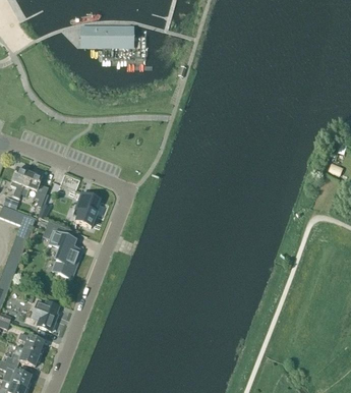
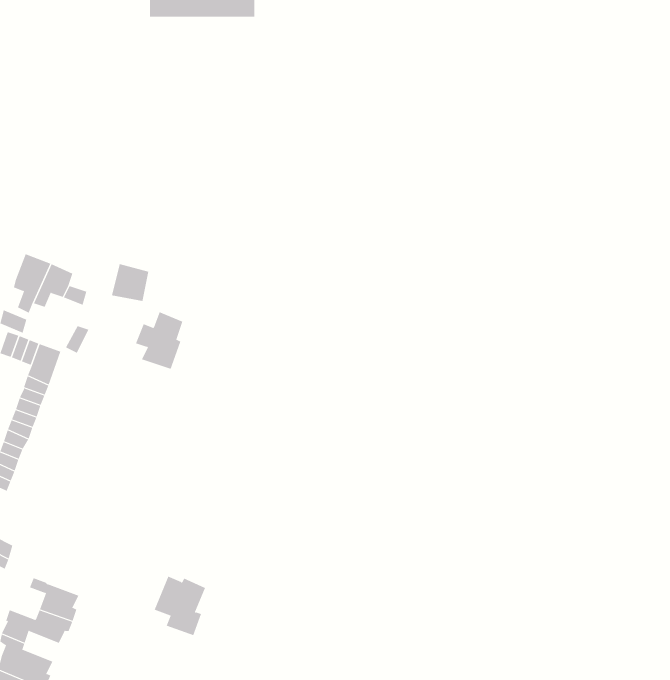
building: [42,221,79,277] -> none
building: [31,299,57,330] -> [154,576,206,636]

